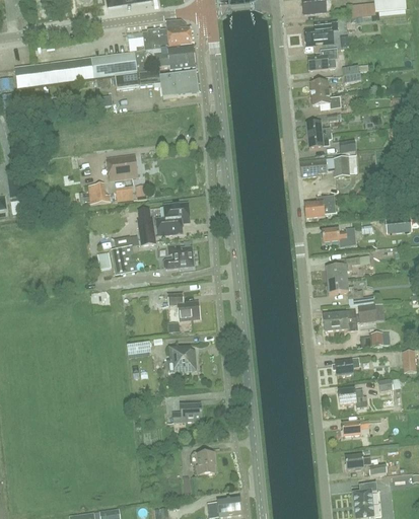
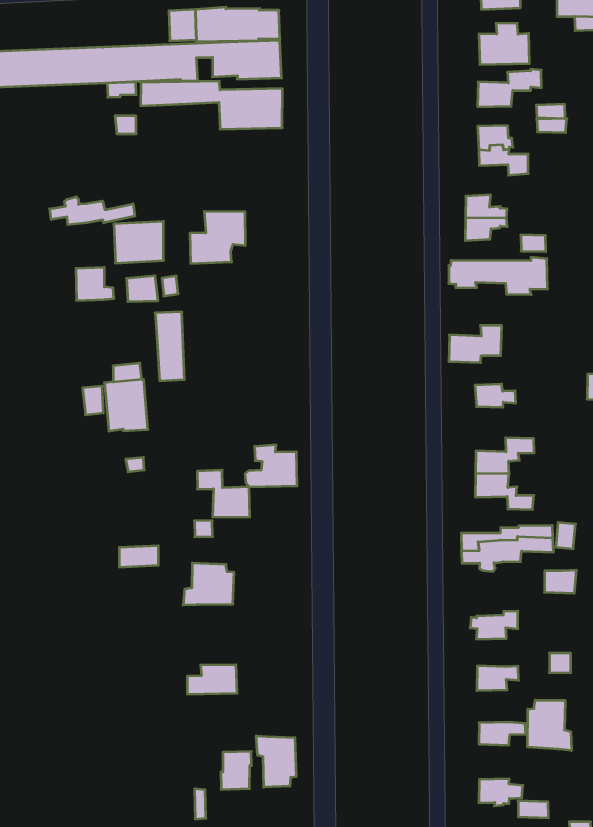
building: none -> [50,197,135,225]
building: [156,202,189,234] -> [190,211,245,263]
building: [163,242,194,268] -> [245,445,297,487]
building: none -> [527,700,571,751]
building: none -> [256,736,296,787]

